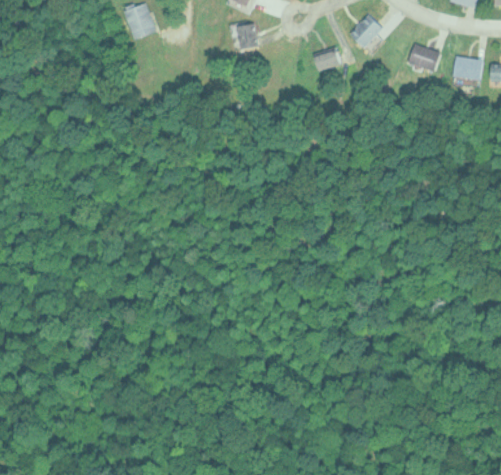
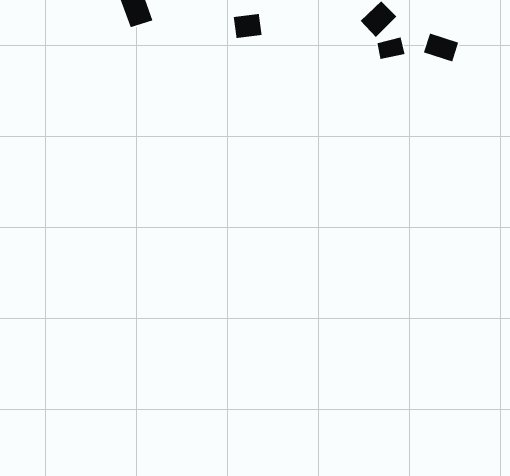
building: [314,48,341,70] -> [377,36,405,60]
building: [453,57,482,80] -> none

